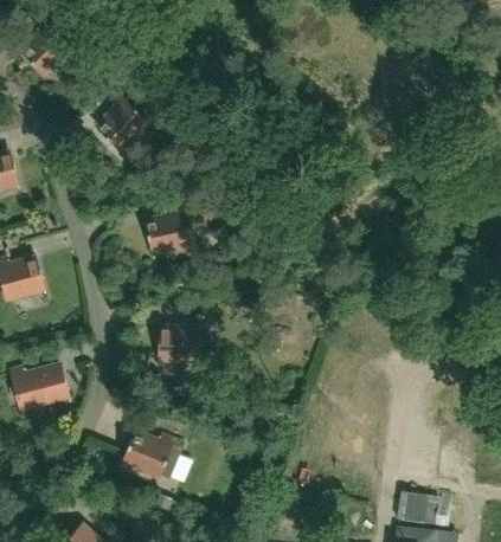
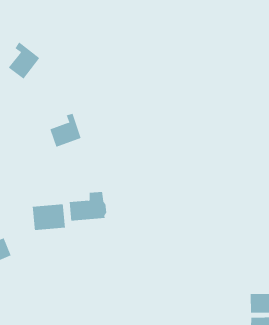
building: none -> [32,204,65,231]
building: [124,434,184,478] -> none

